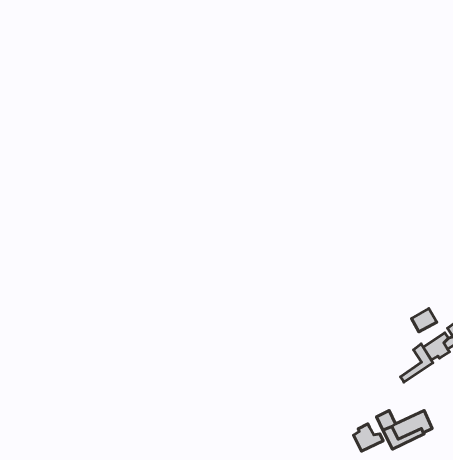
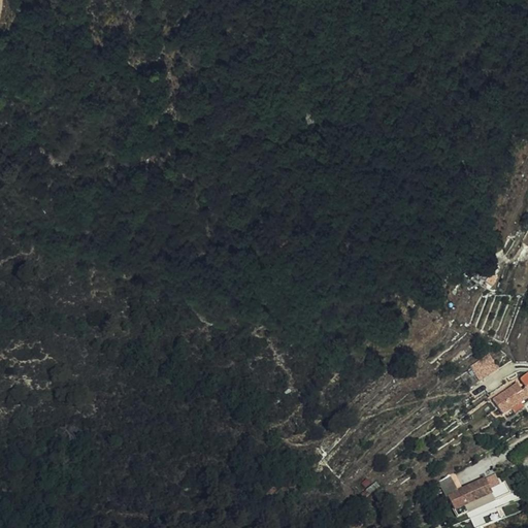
building: [400,344,433,382] -> none
building: [353,424,383,451] -> none

